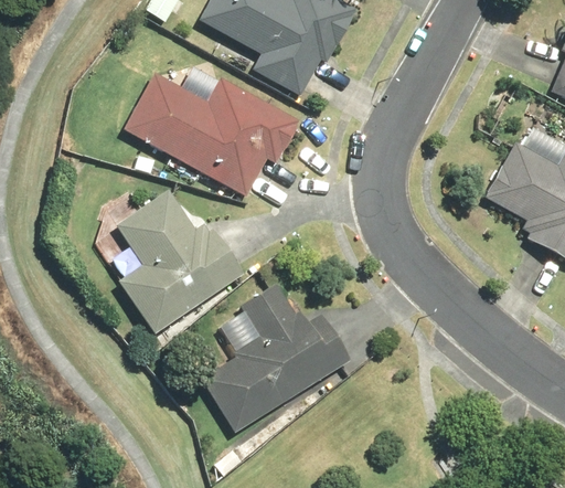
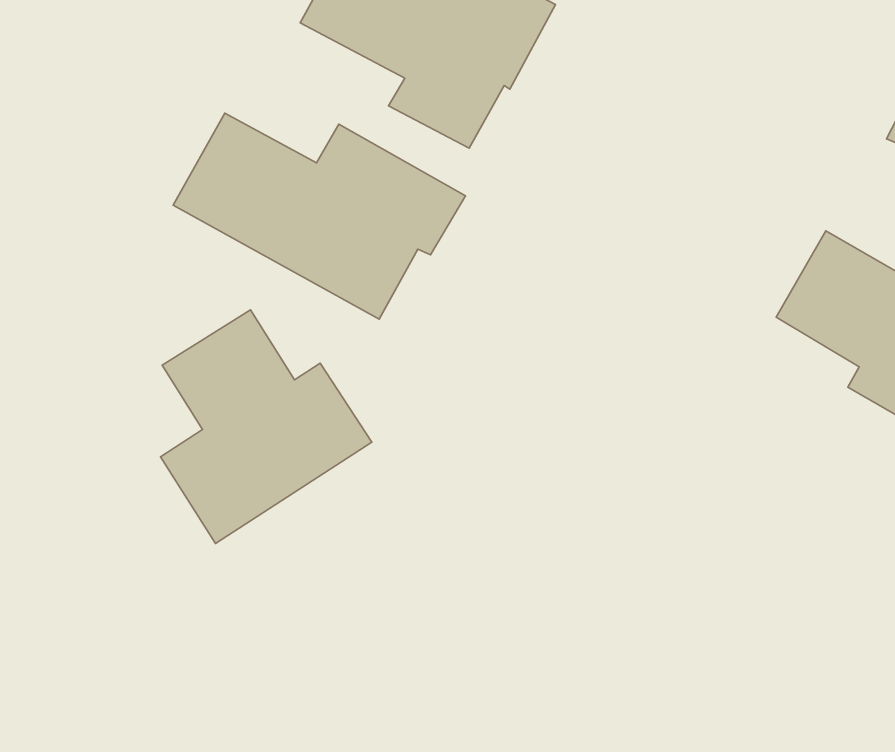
building: [202,283,349,428] -> none

